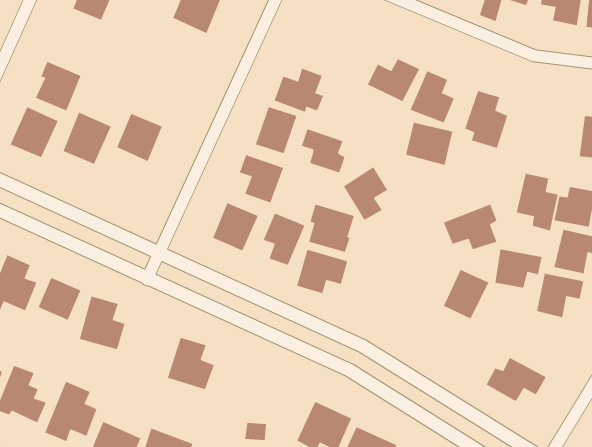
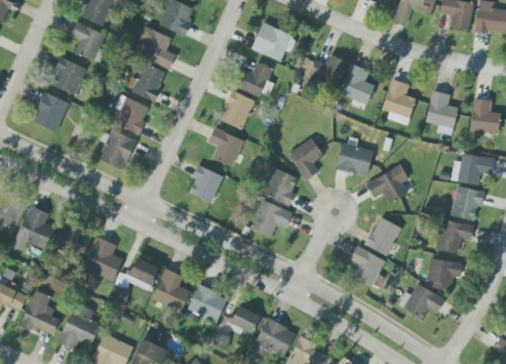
building: none -> [251,23,298,62]
building: none -> [71,24,106,62]
building: none -> [133,27,177,68]
building: none -> [132,63,166,102]
building: [63,111,112,165] -> [99,128,137,169]
building: [405,122,453,166] -> [337,143,374,176]
building: [301,128,346,173] -> none
building: [516,173,559,232] -> [425,90,458,135]
building: [262,212,305,266] -> none
building: [495,249,543,289] -> [426,257,463,288]
building: none -> [350,246,386,287]
building: none -> [116,257,158,290]
building: none -> [188,285,228,321]
building: none -> [231,306,261,333]

